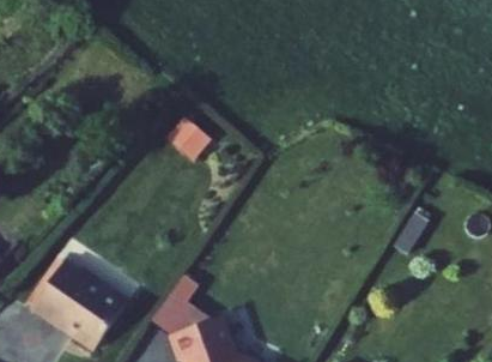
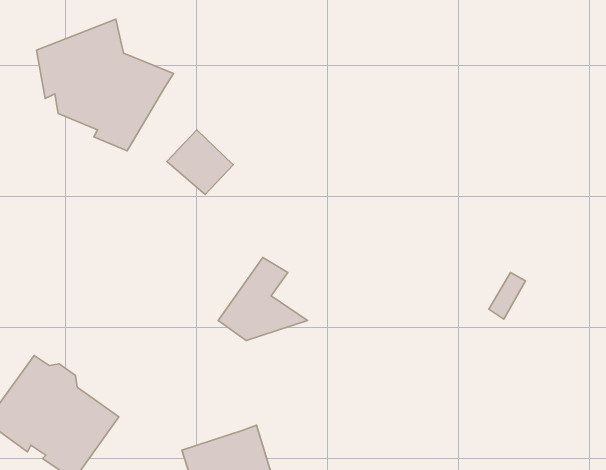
building: none -> [37,19,174,151]
building: [148,278,213,338] -> [218,258,308,340]

